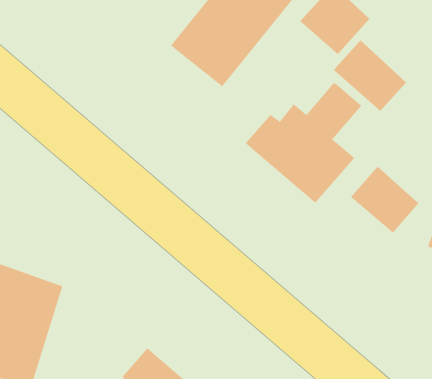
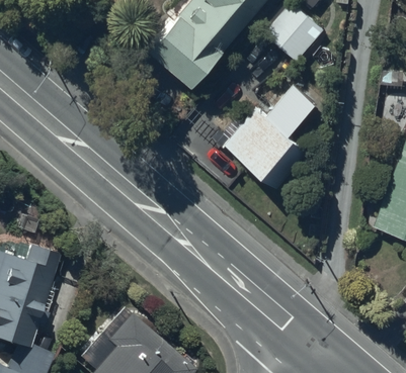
building: [333,40,407,112] -> none
building: [350,166,419,233] -> none

